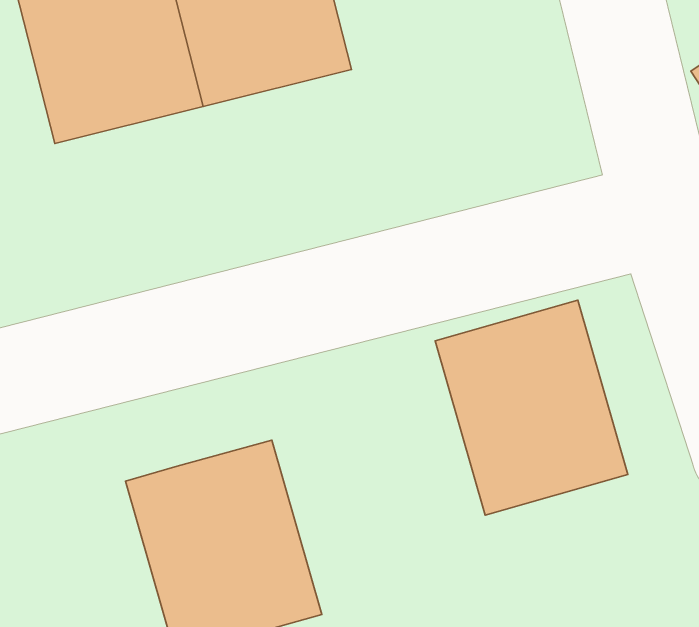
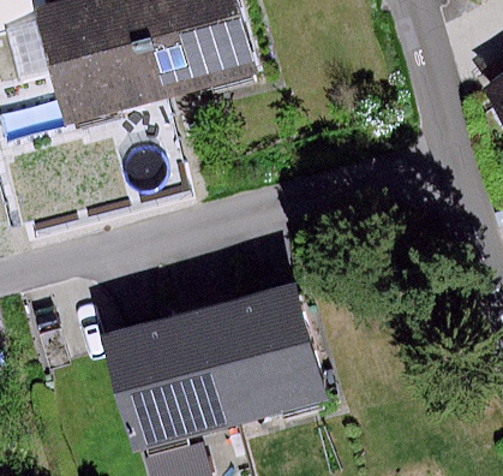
building: [435,300,628,515] -> [202,287,327,427]

